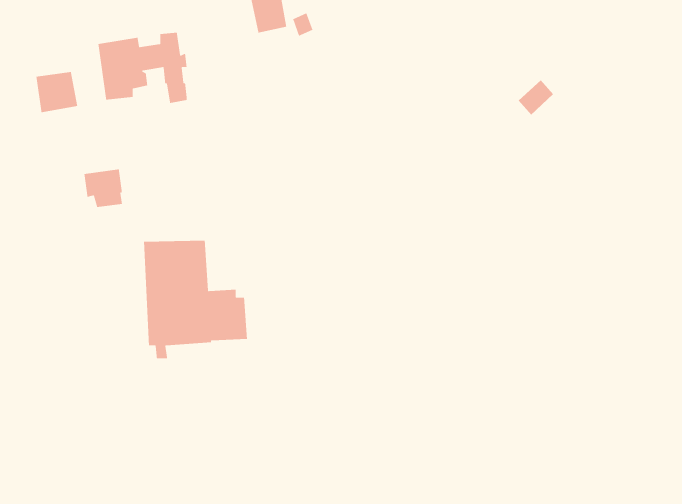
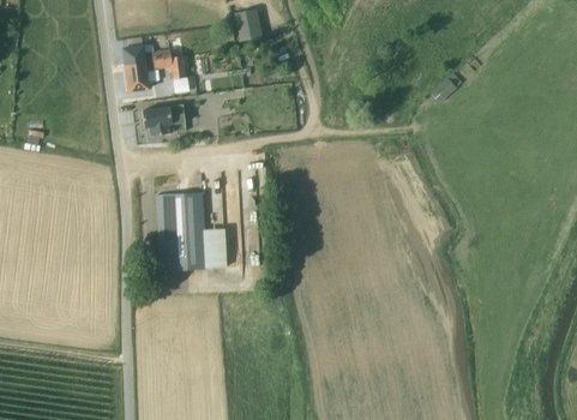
building: [36,71,78,113] -> none
building: [83,168,123,208] -> [143,106,172,134]

